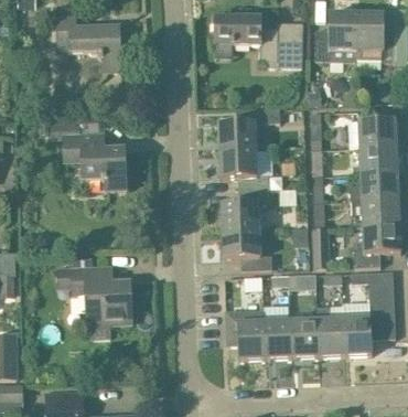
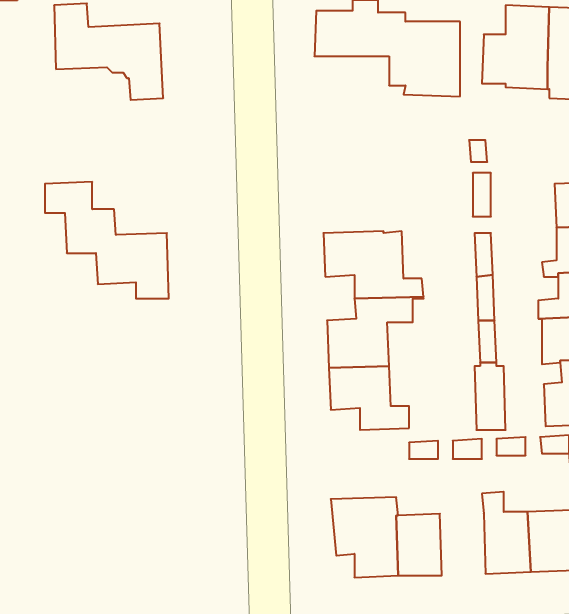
building: [218,107,276,149] -> none
building: [56,257,131,339] -> none
building: [290,319,318,356] -> none

